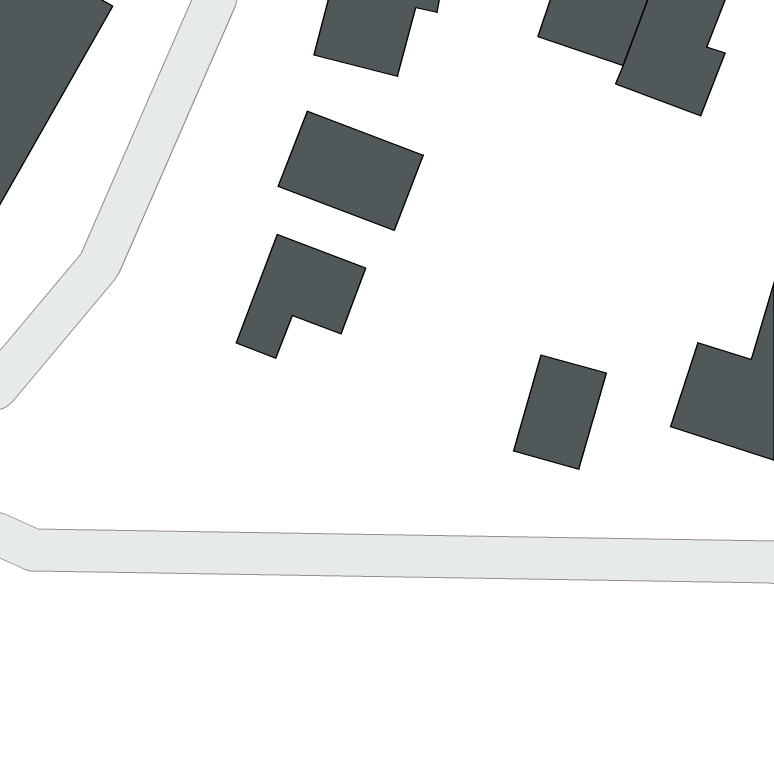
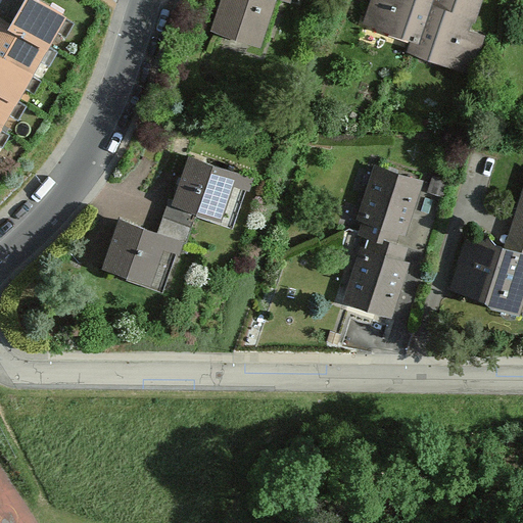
building: [278,111,423,230] -> none
building: none -> [353,168,424,250]
building: none -> [98,216,185,293]

